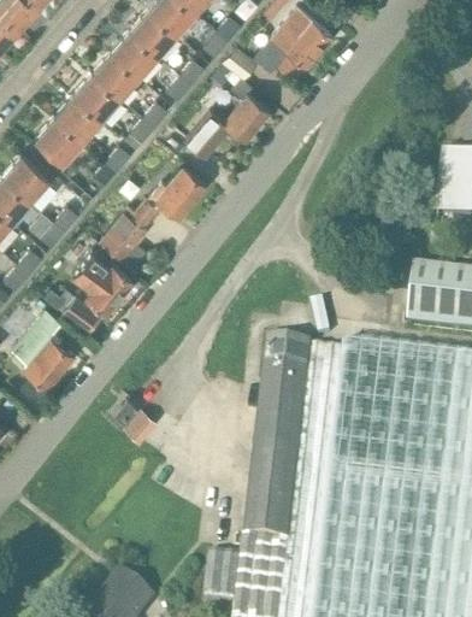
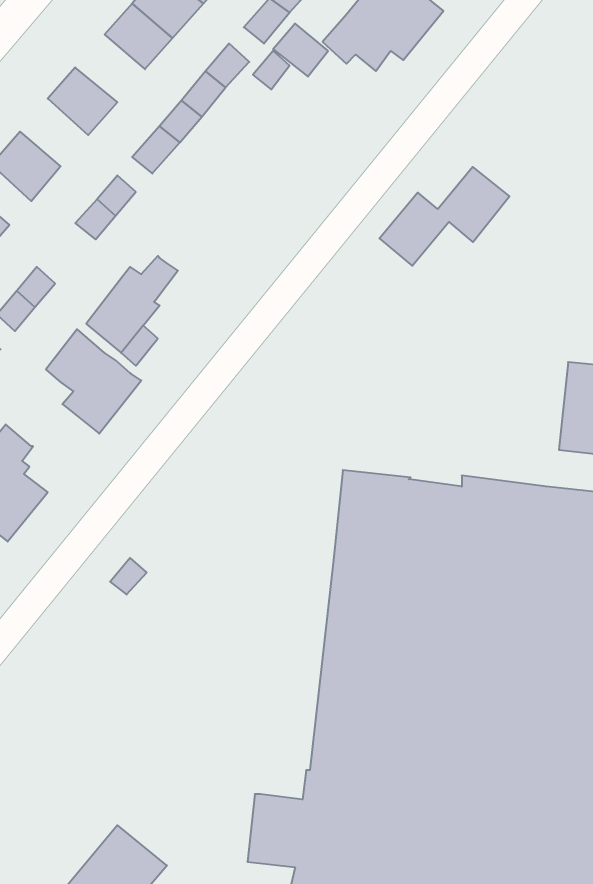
building: [93,53,138,98] -> none
building: [185,93,271,158] -> [379,167,509,266]
building: [57,95,101,140] -> none
building: [148,168,207,219] -> none
building: [60,294,104,335] -> none

